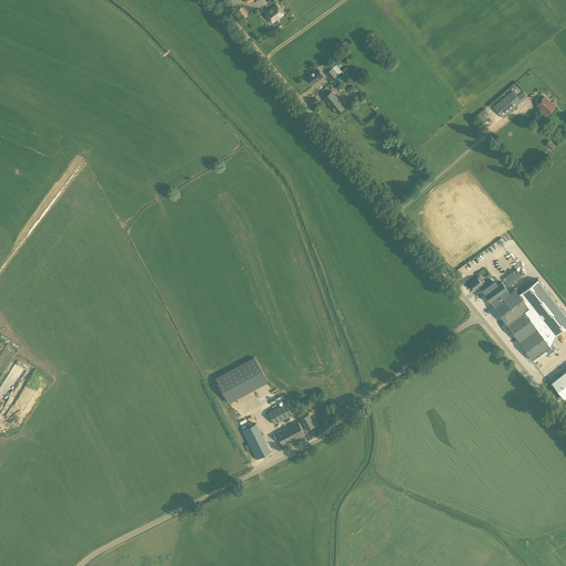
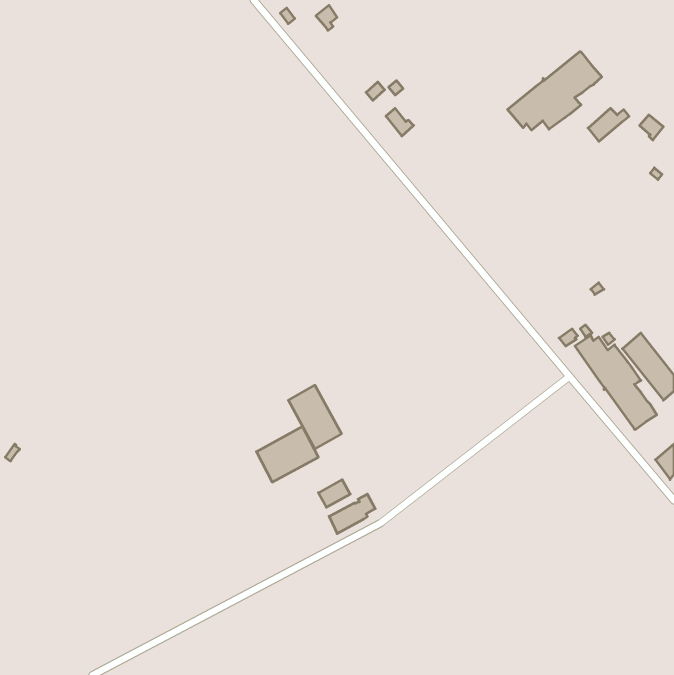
building: none -> [508,52,602,130]
building: none -> [288,385,341,449]
building: [241,423,270,460] -> none

